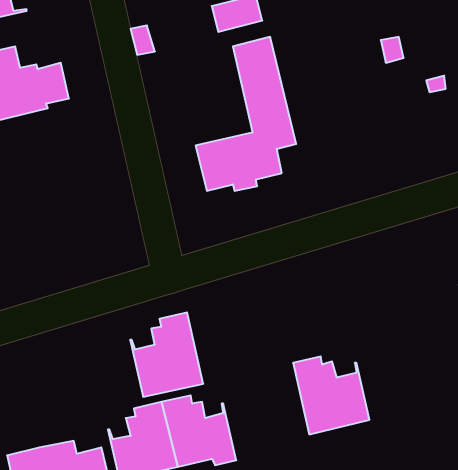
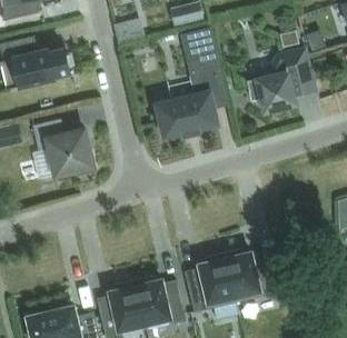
building: none -> [246,53,308,112]
building: none -> [32,119,93,175]
building: [130,312,203,397] -> [185,254,235,311]

